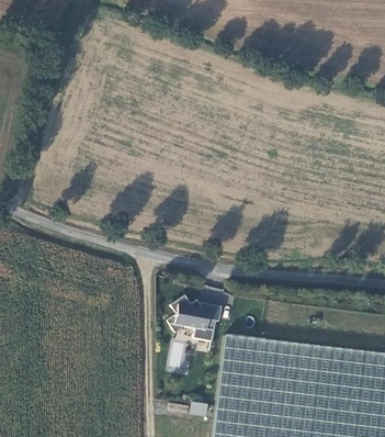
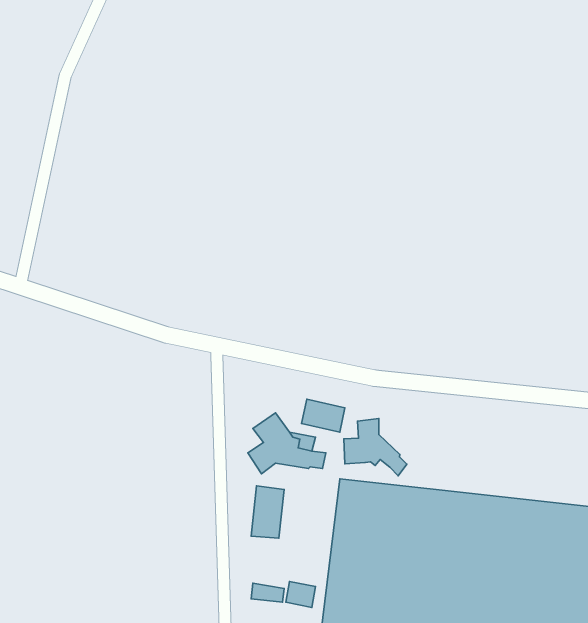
building: none -> [344,419,407,476]

